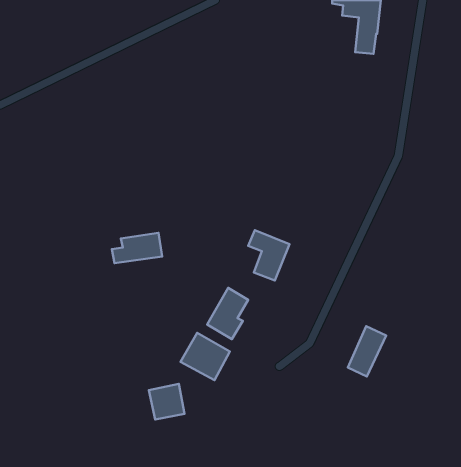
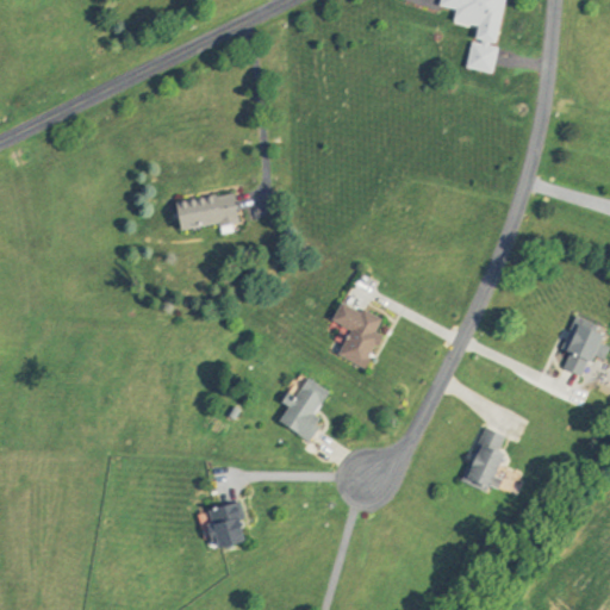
building: [112,233,162,263] -> [172,192,237,231]
building: none -> [558,322,602,376]
building: [181,333,230,380] -> none

